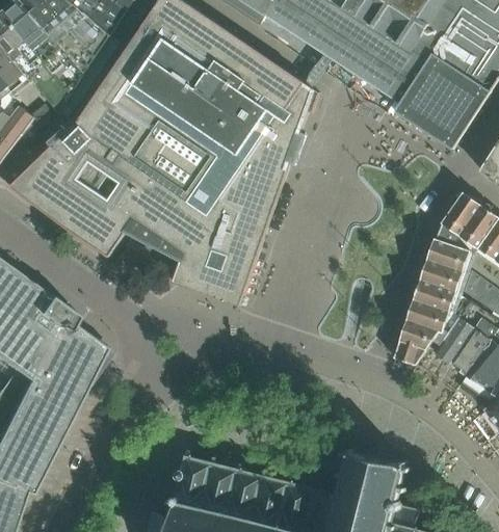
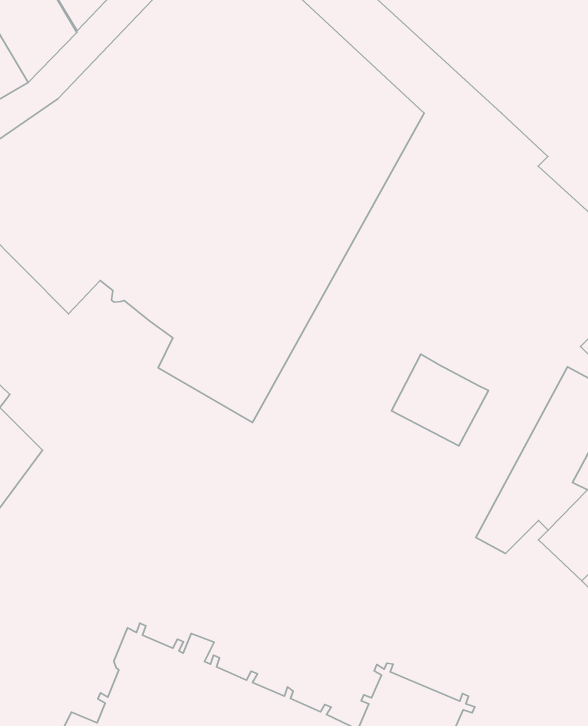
building: none -> [391,354,489,446]

